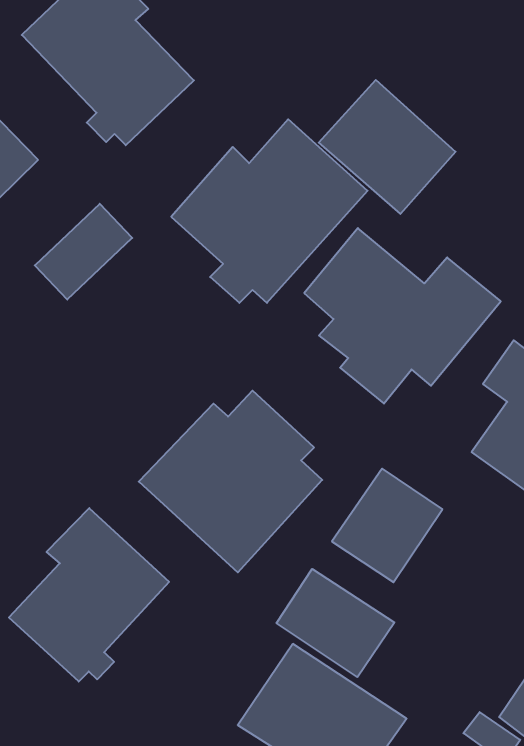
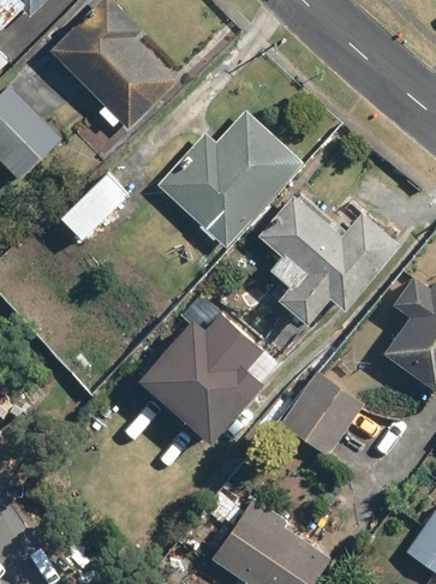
building: [319,80,456,214] -> none
building: [9,508,169,682] -> none
building: [277,569,394,677] -> none

